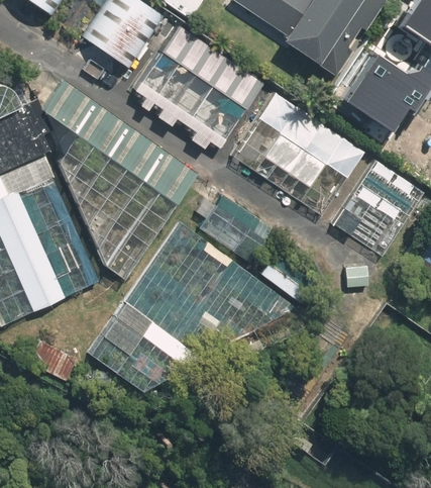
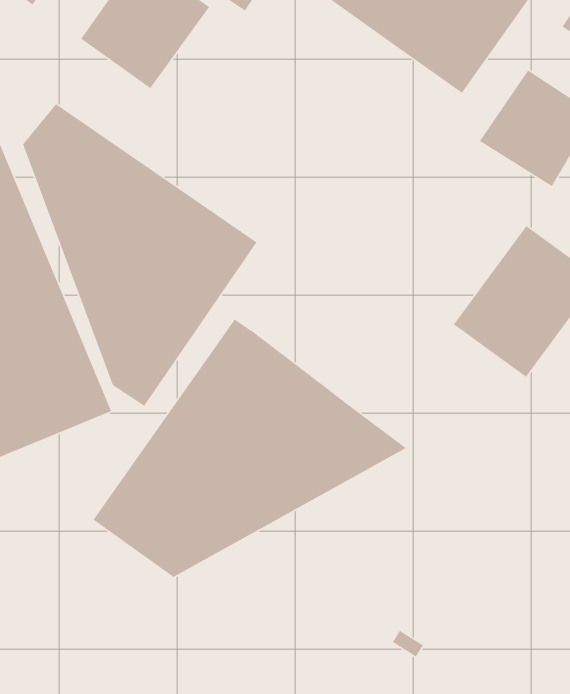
building: [126,23,257,148] -> none
building: [231,88,364,213] -> none
building: [196,191,276,269] -> none

